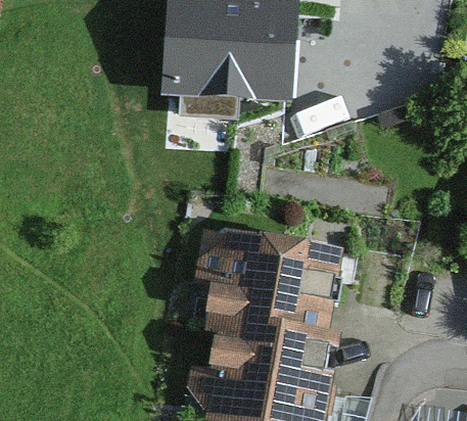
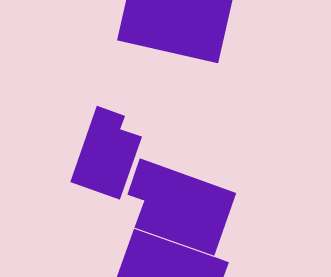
building: none -> [70,105,143,200]

